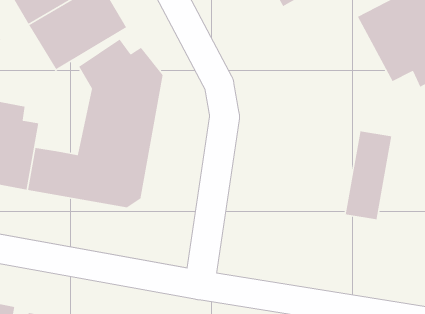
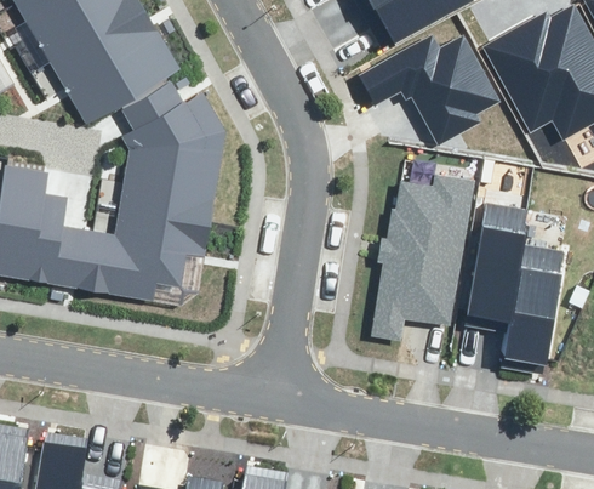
building: none -> [360,39,501,154]
building: none -> [358,166,461,335]
building: none -> [503,241,562,357]

